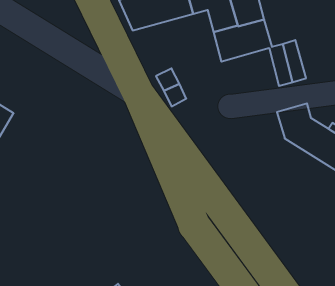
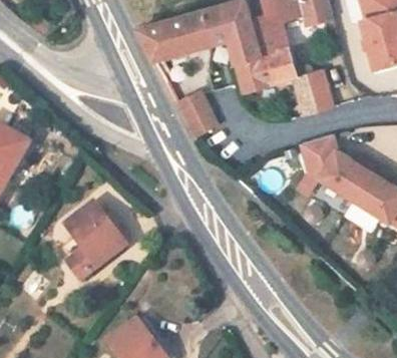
building: none -> [60,204,126,283]

